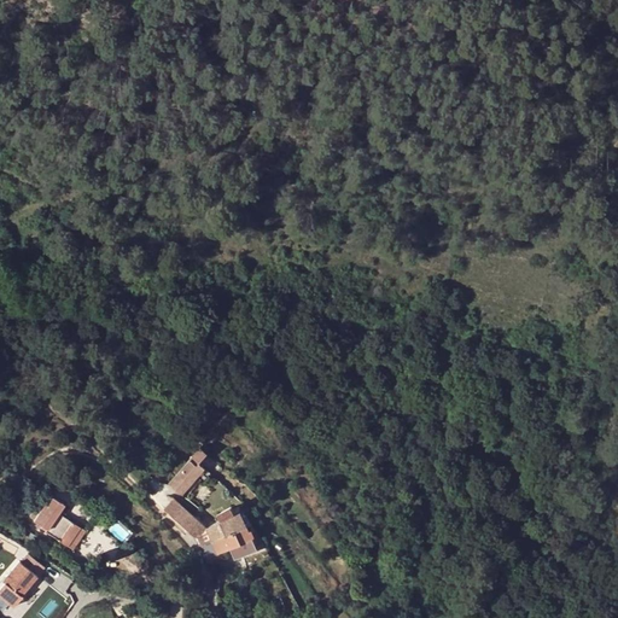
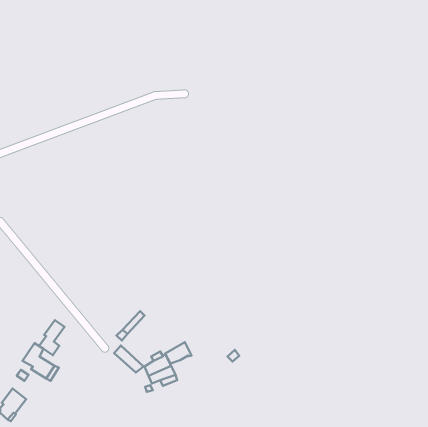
building: none -> [39,320,65,355]
building: none -> [165,342,192,364]

